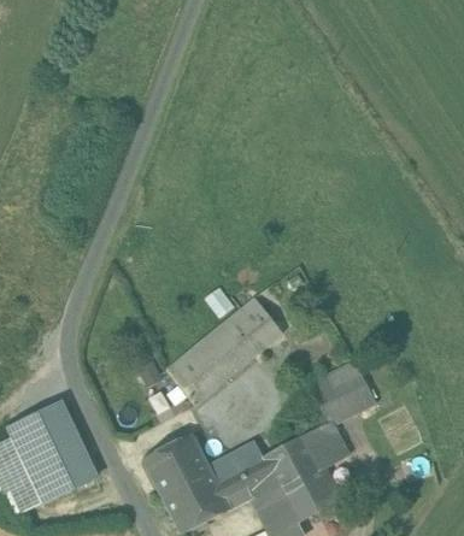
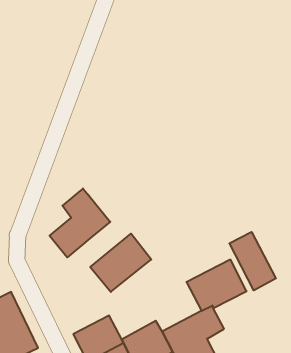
building: none -> [50,188,110,257]
building: [219,296,281,359] -> none
building: none -> [229,232,276,290]

